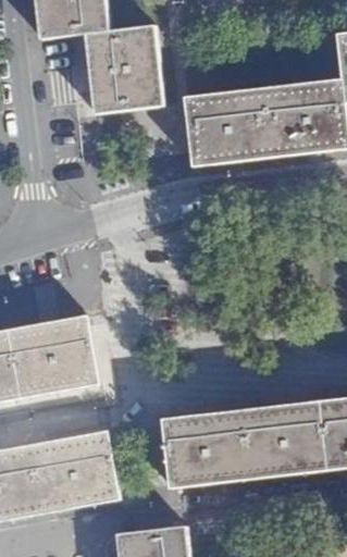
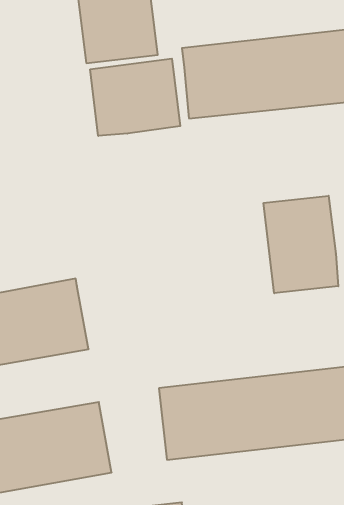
building: none -> [90,59,180,136]
building: none -> [264,196,338,293]

